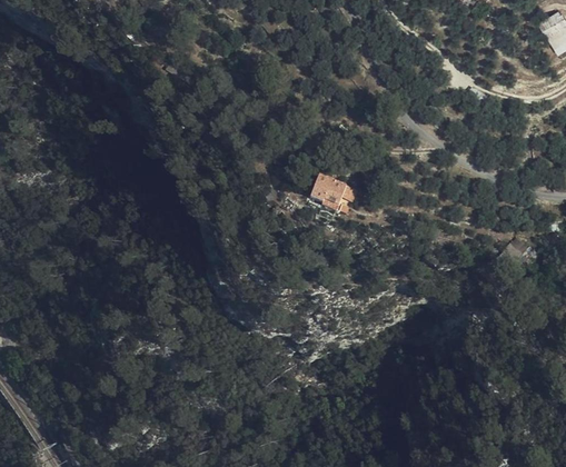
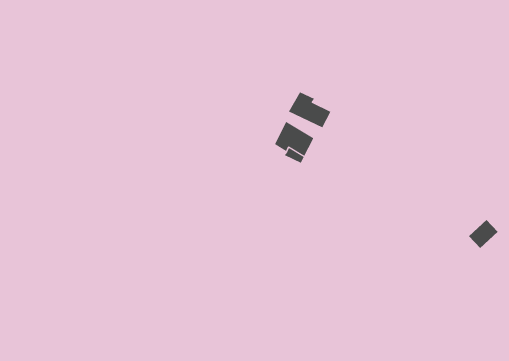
building: none -> [288,92,331,128]

